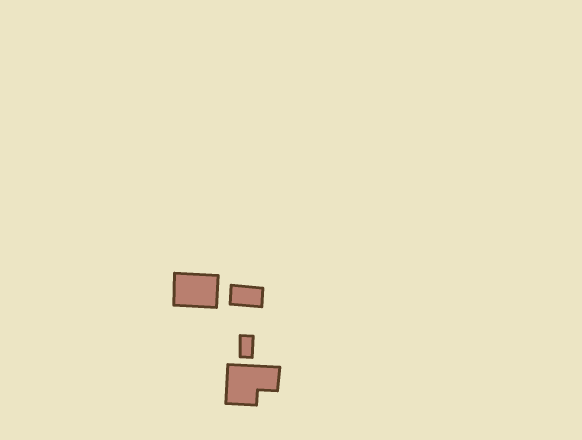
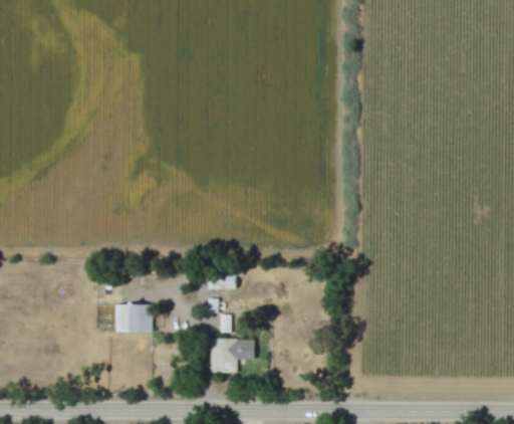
building: [174,273,218,307] -> [114,303,152,331]

